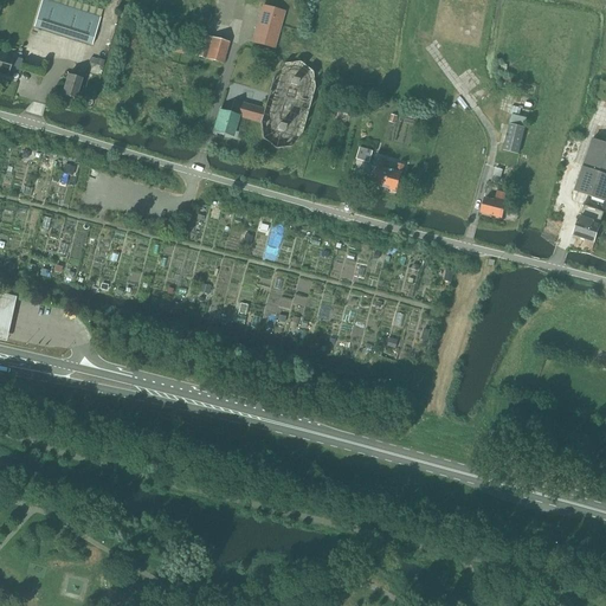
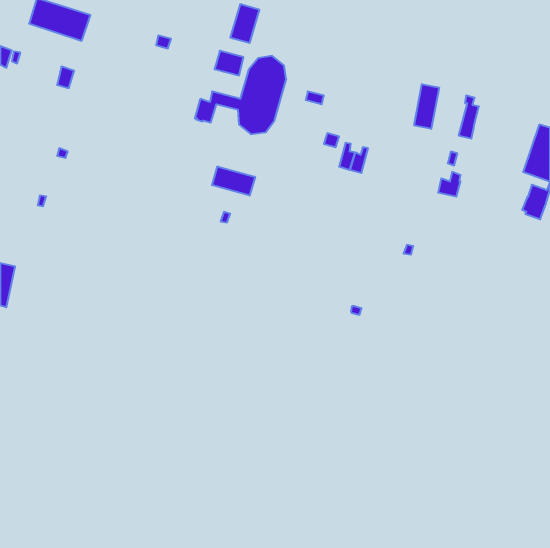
building: [195,34,227,62] -> [214,51,243,75]
building: none -> [414,84,439,129]
building: none -> [212,166,255,196]

